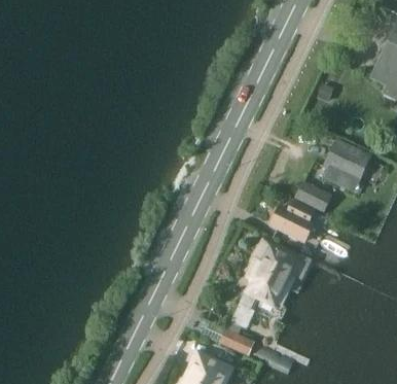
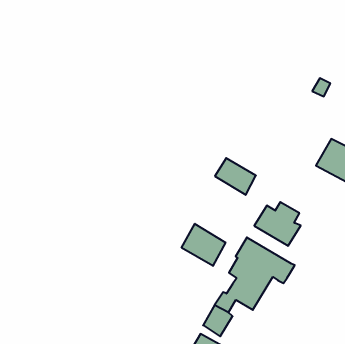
building: [294,181,332,214] -> [215,158,256,195]
building: none -> [182,224,225,266]

